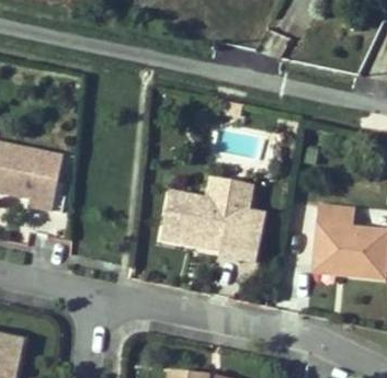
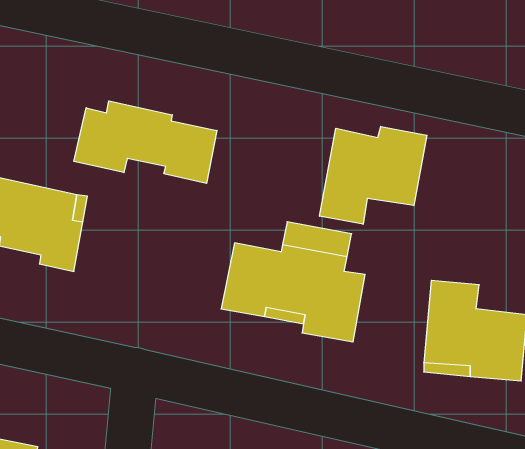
building: none -> [74,101,217,183]
building: none -> [320,126,427,224]

